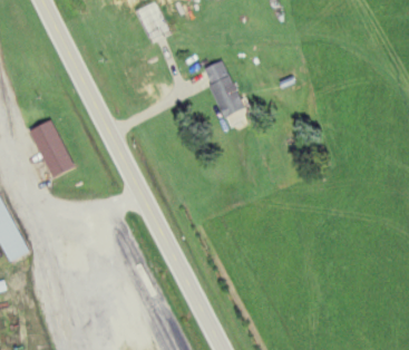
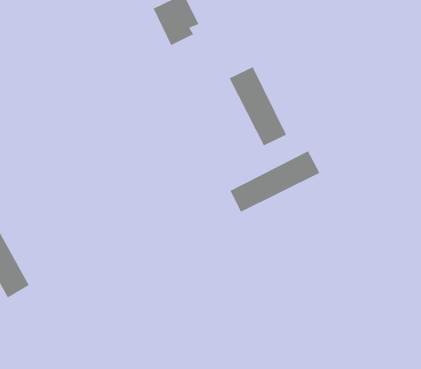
building: [28,119,72,177] -> none
building: none -> [230,151,320,212]

